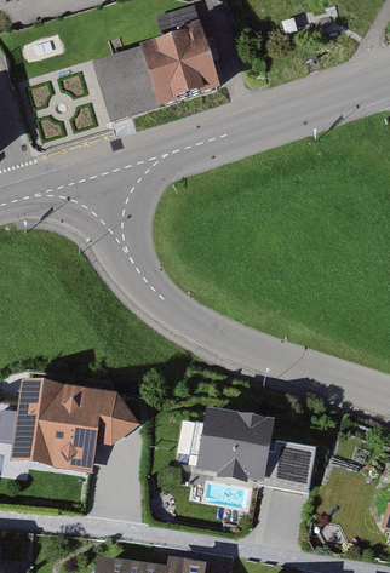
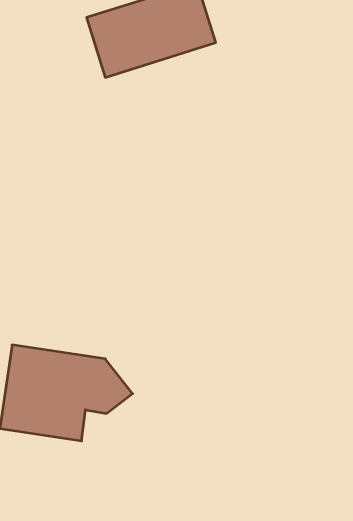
building: [200,411,321,489] -> none

